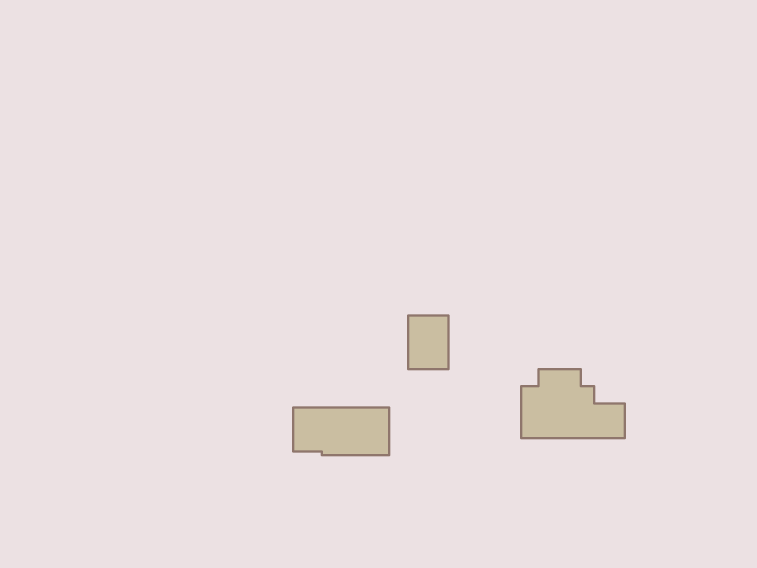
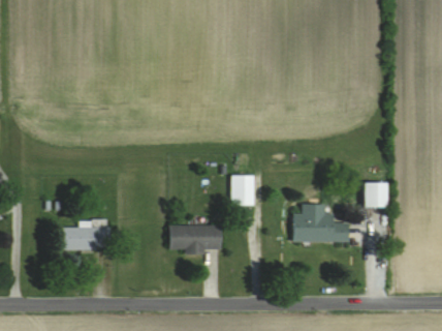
building: none -> [364,182,386,207]
building: none -> [64,227,110,249]

